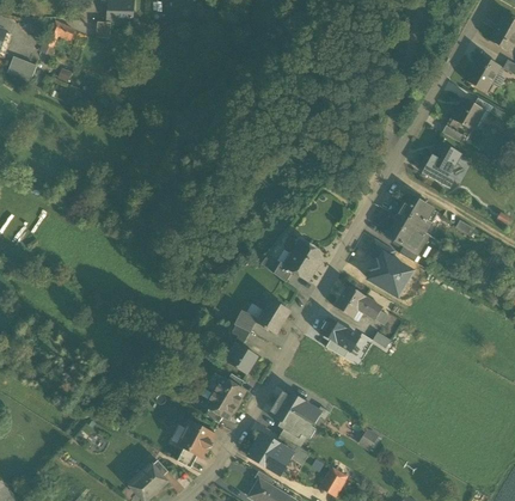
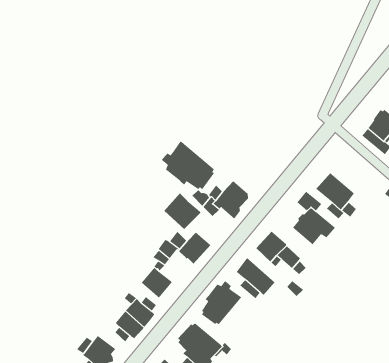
building: [397,195,443,236] -> none
building: none -> [161,141,215,190]
building: none -> [163,192,201,230]
building: none -> [201,280,242,325]

